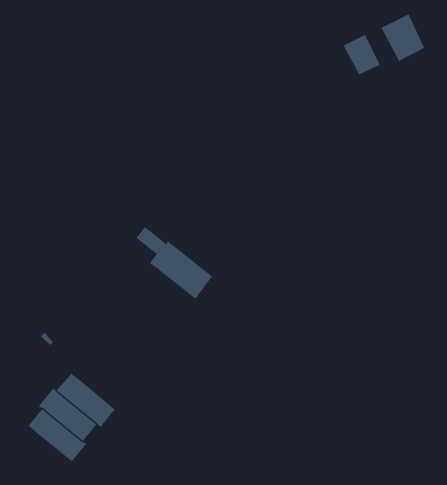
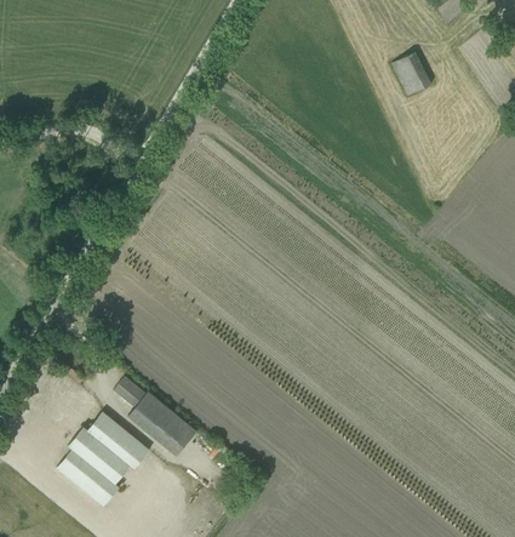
building: [381,14,425,62] -> none
building: [135,226,213,299] -> [113,378,195,456]

